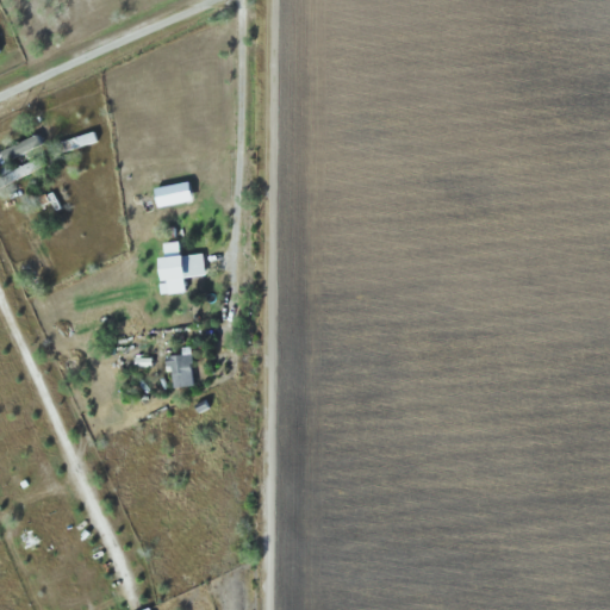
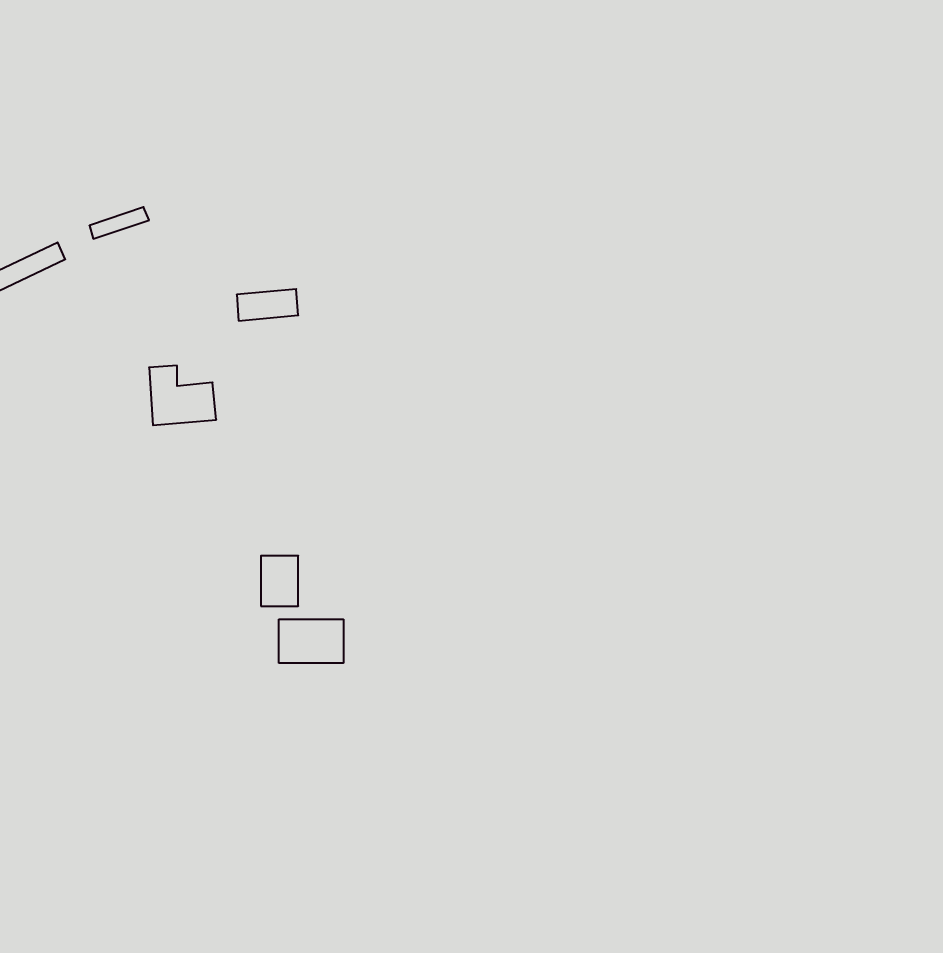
building: [161,243,204,281] -> [149,366,216,425]
building: none -> [279,619,343,663]

